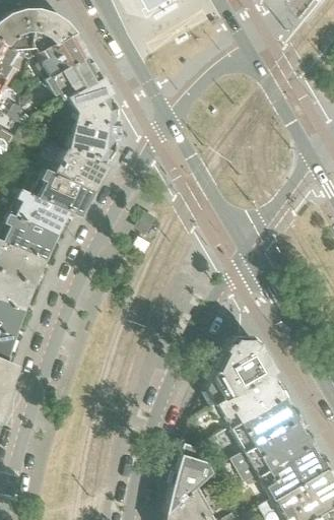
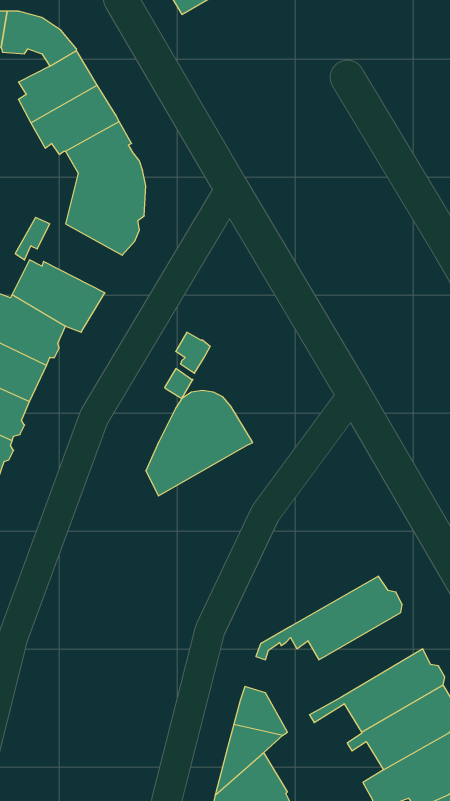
building: [54,146,107,191] -> none
building: [205,338,274,406] -> [146,391,253,496]
building: [208,397,299,452] -> none

